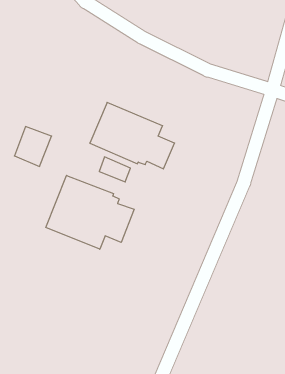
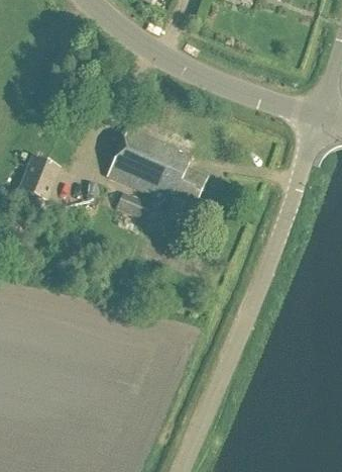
building: [46,175,134,249] -> none

